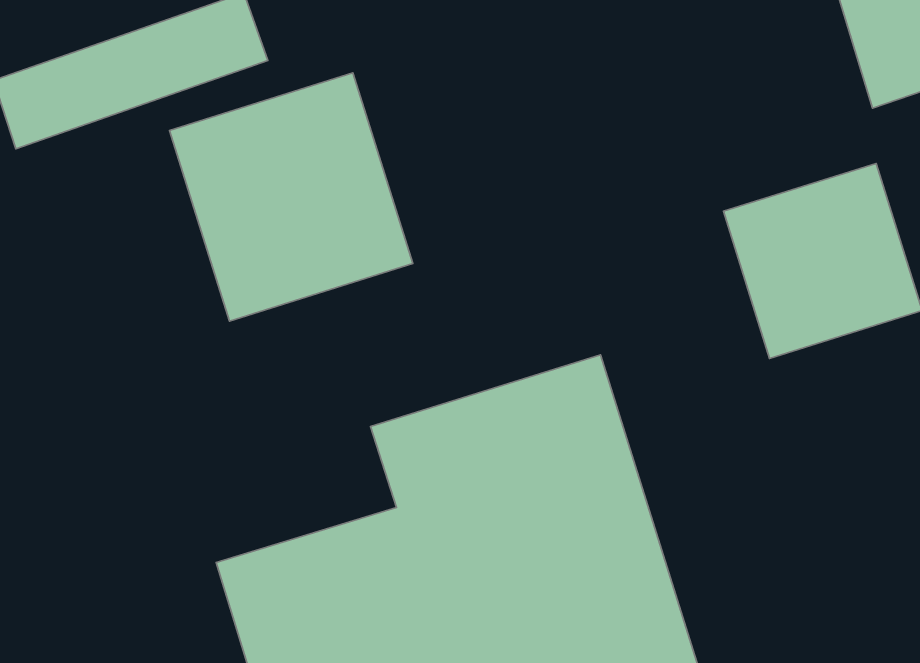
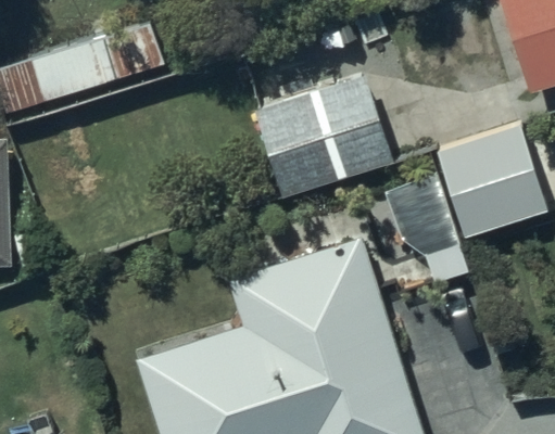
building: [170,73,413,321] -> none
building: none -> [252,73,394,197]

